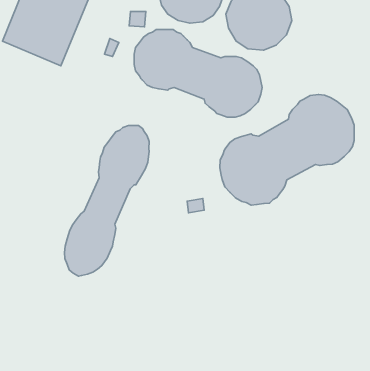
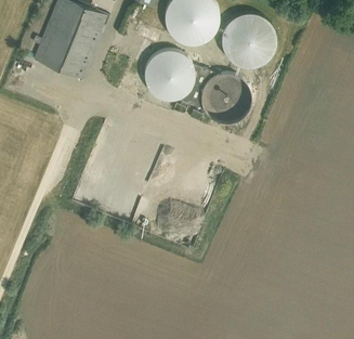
building: [220,94,354,205] -> none
building: [64,125,149,276] -> none

